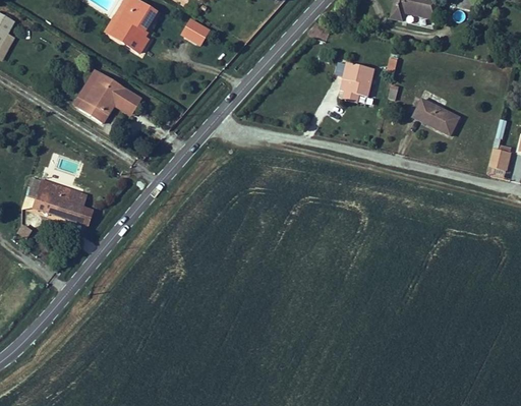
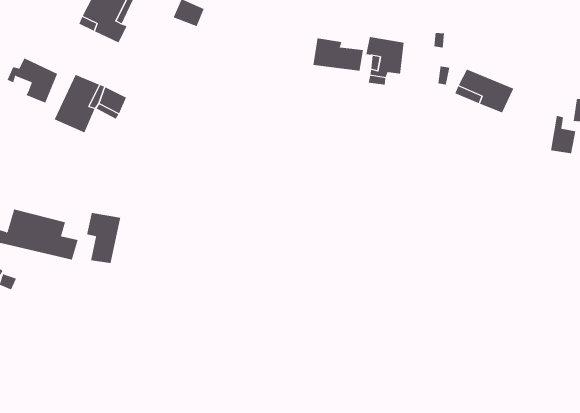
building: none -> [7,58,58,103]
building: none -> [313,38,363,72]
building: none -> [87,212,121,264]

